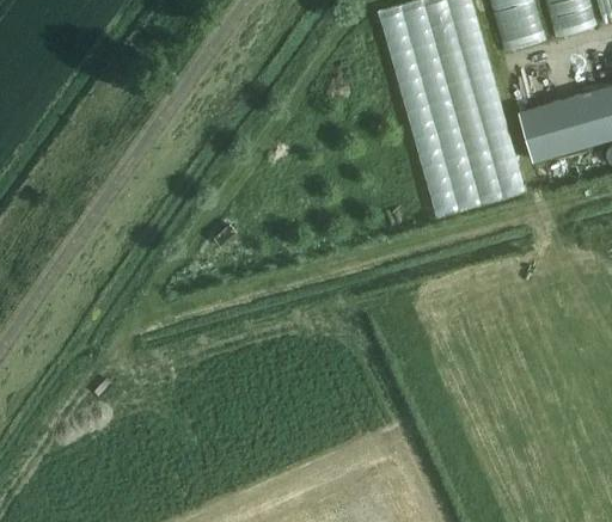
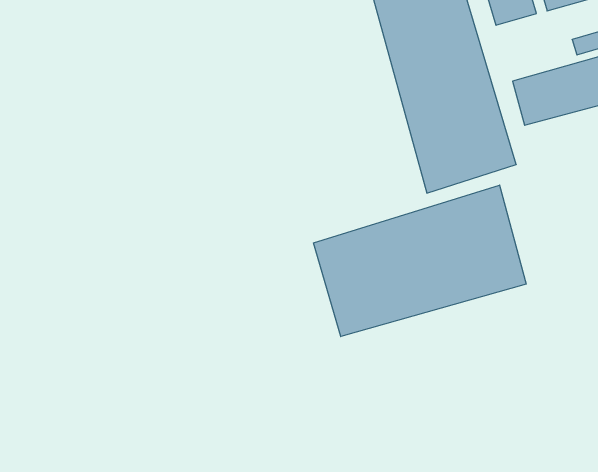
building: none -> [313,185,526,337]

